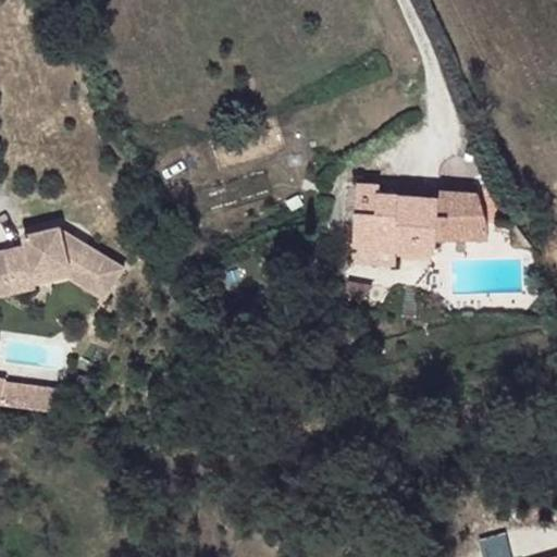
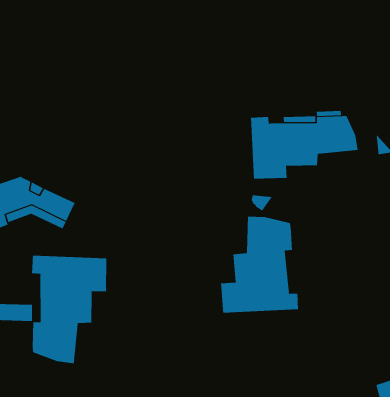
building: none -> [221,216,298,314]
building: none -> [32,255,107,364]

